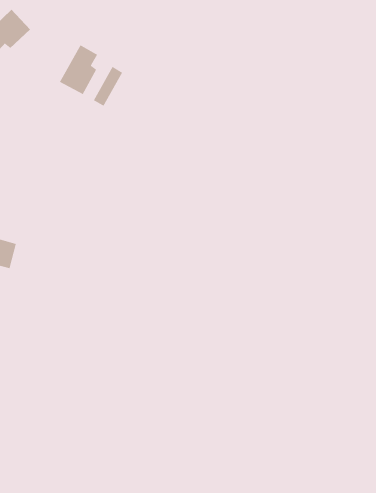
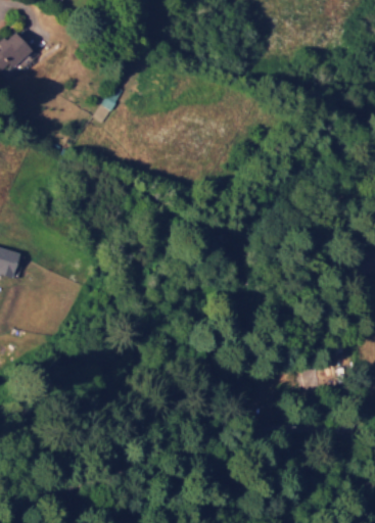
building: [59,44,98,95] -> none

